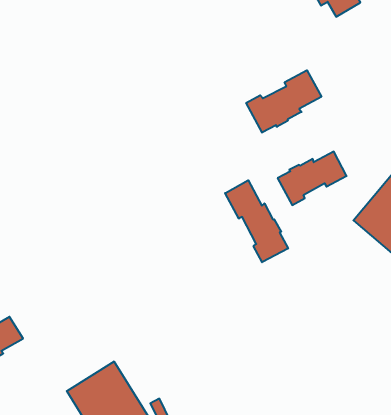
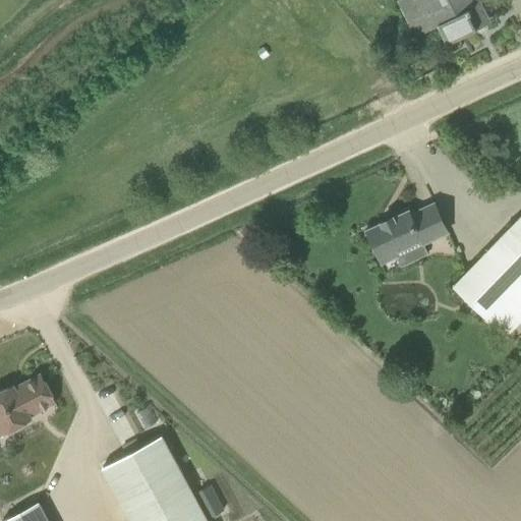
building: [246,70,321,133] -> none
building: [225,180,288,262] -> none

